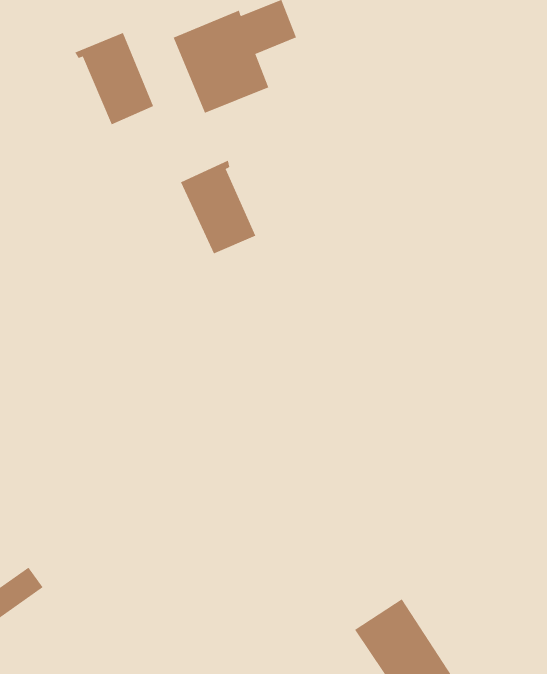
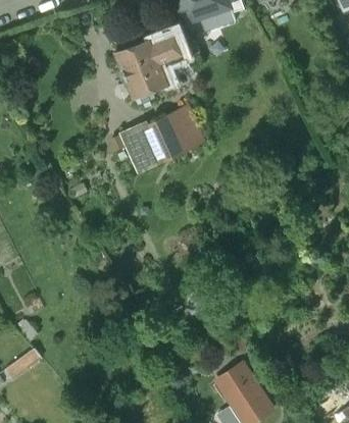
building: [74,32,154,125] -> none
building: none -> [145,108,202,163]

